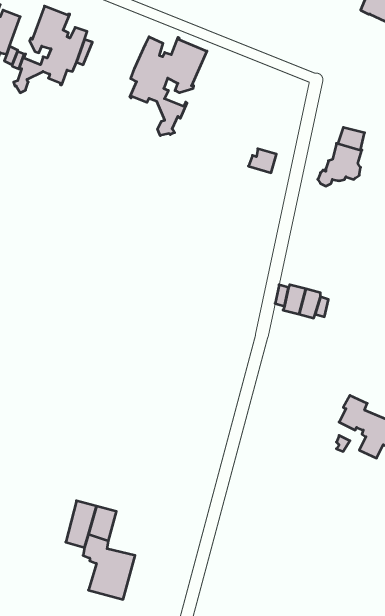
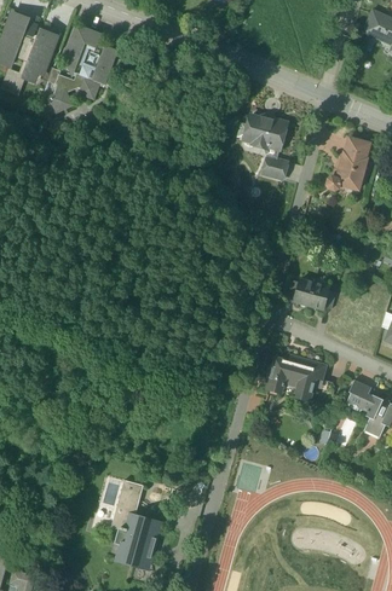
building: [130,37,207,136] -> none
building: none -> [244,114,287,149]
building: none -> [261,355,325,401]

